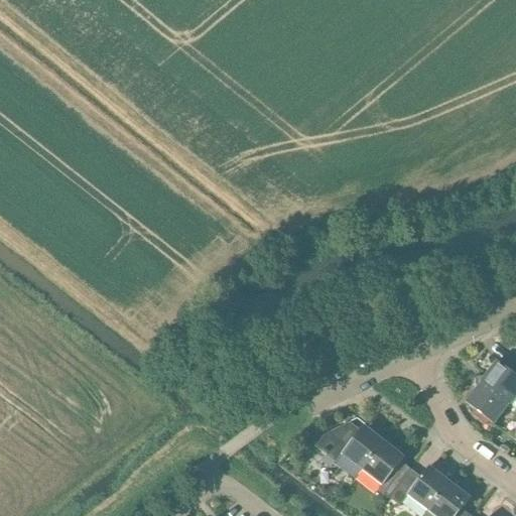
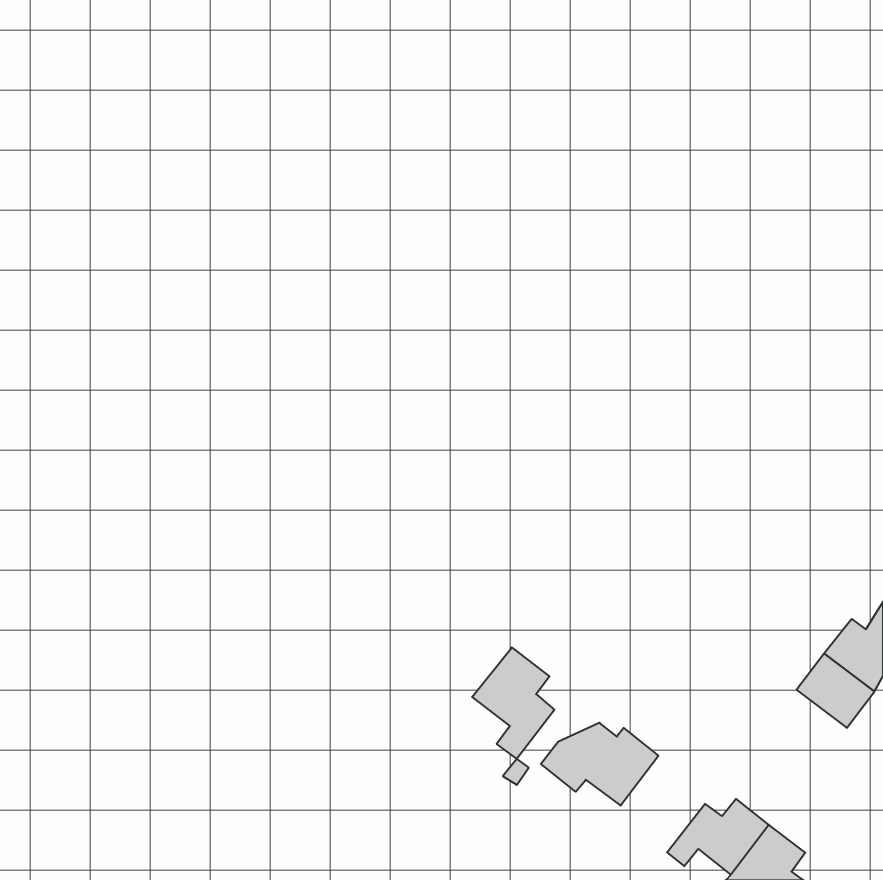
building: none -> [472,647,554,759]
building: [362,440,411,499] -> none

